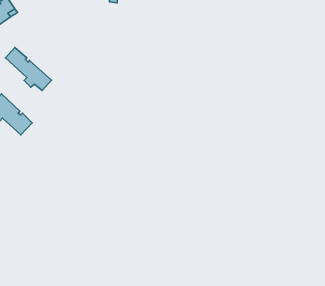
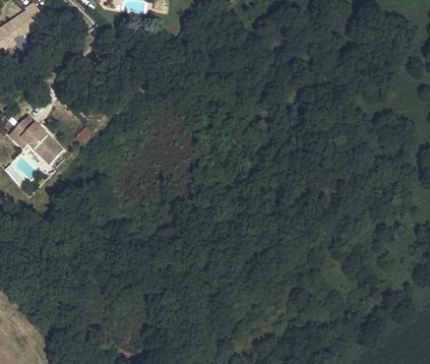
building: [6,48,51,91] -> none

